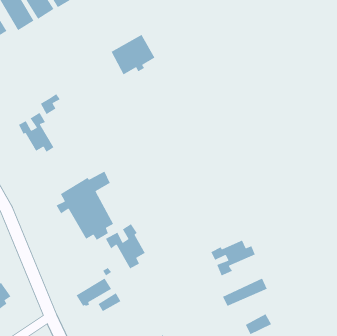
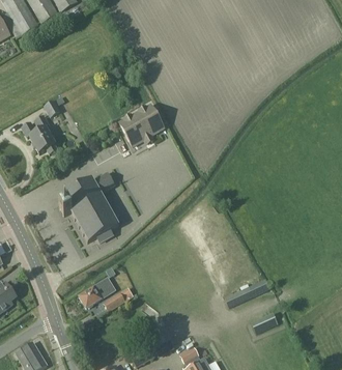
building: [111,34,156,76] -> [120,105,165,146]
building: [105,223,146,269] -> none
building: [210,240,256,276] -> none

